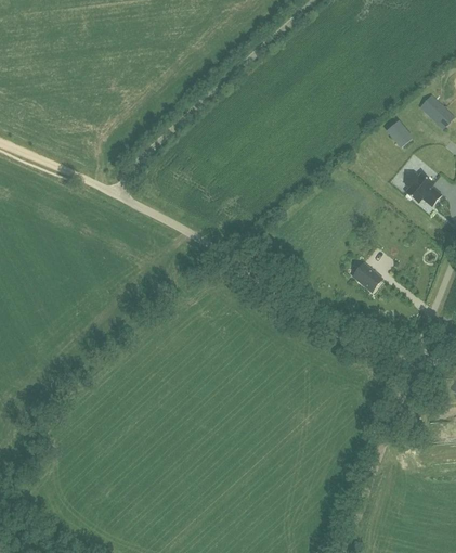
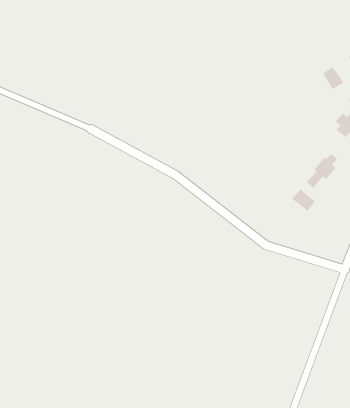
building: none -> [306,153,338,189]

